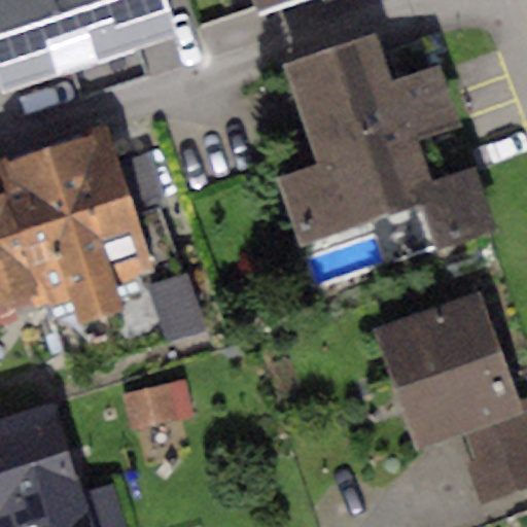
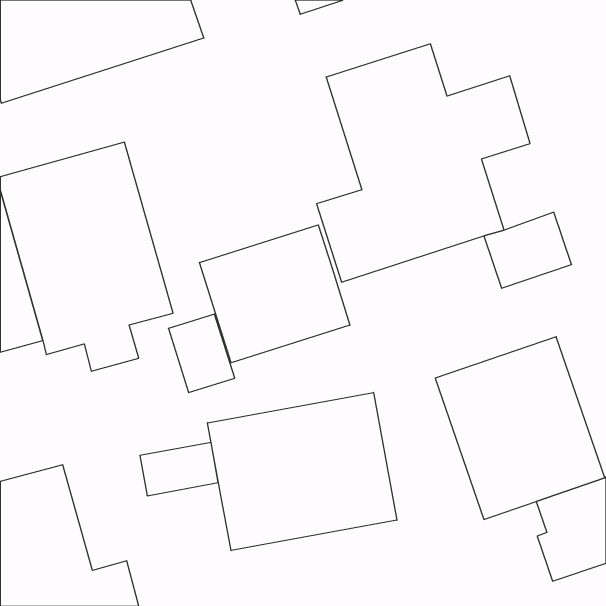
building: none -> [199,225,350,363]
building: none -> [208,392,397,551]

